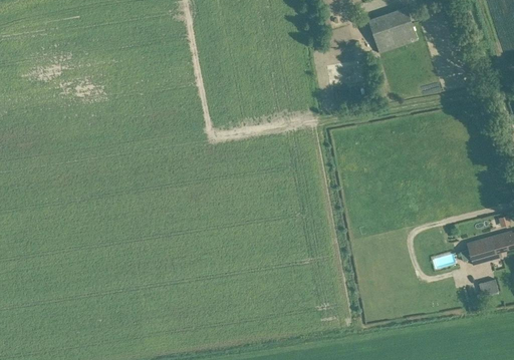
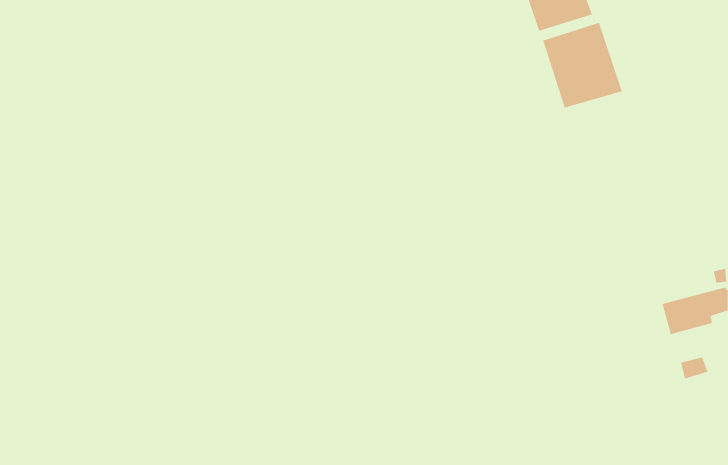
building: none -> [542,22,623,108]

